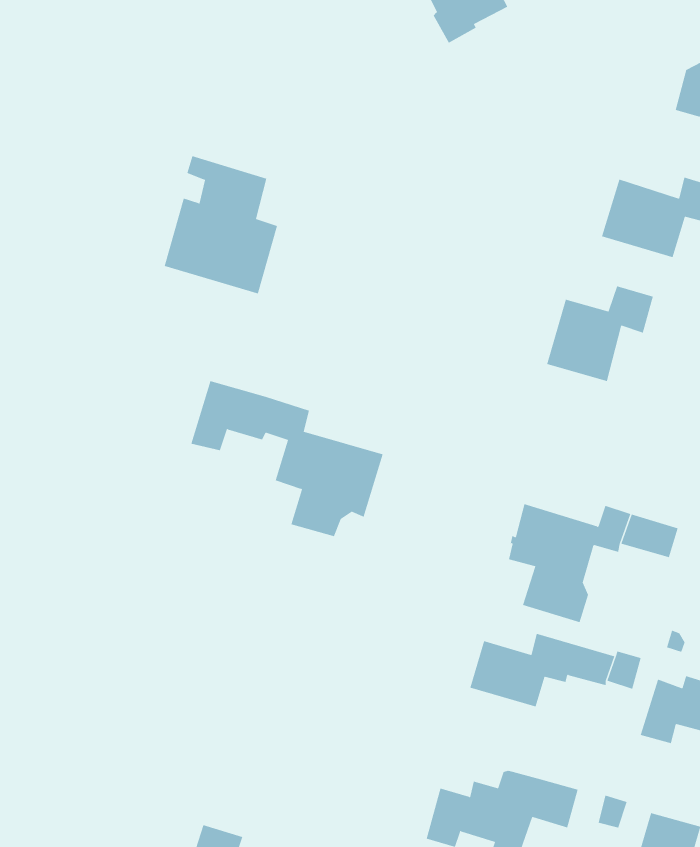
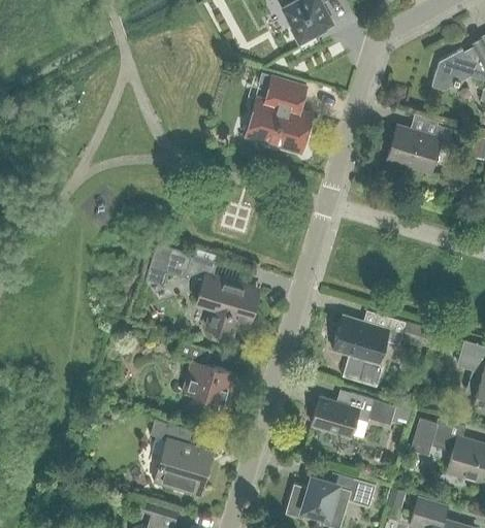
building: [164,156,278,294] -> [245,72,312,154]
building: [546,286,654,382] -> none
building: none -> [175,341,234,409]
building: none -> [150,420,212,495]

